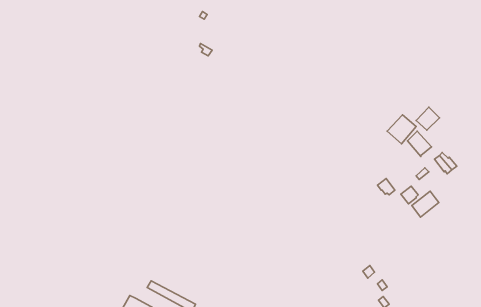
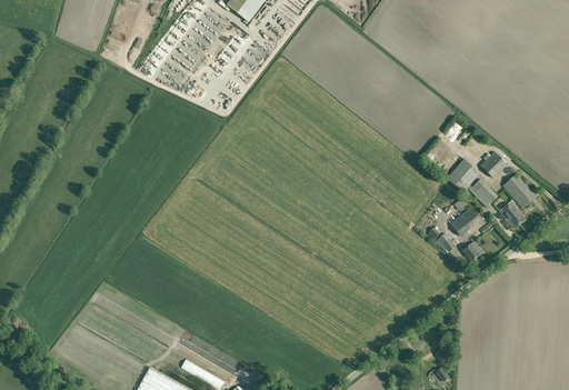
building: none -> [501,173,537,209]
building: [412,191,439,217] -> [449,207,480,237]

